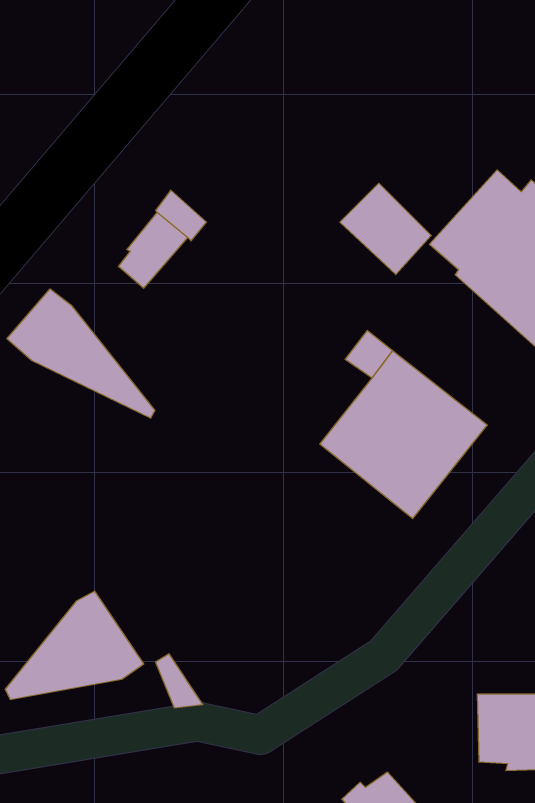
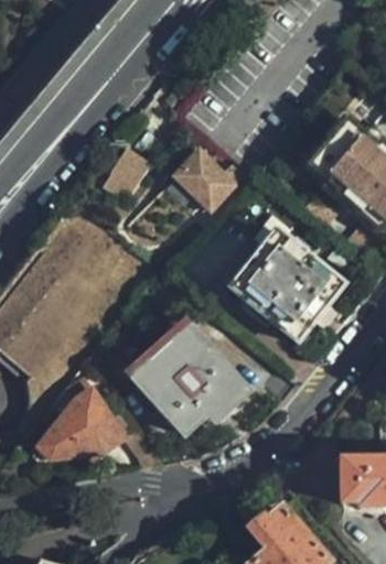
building: [340,183,431,275] -> [173,150,233,209]
building: [7,289,155,418] -> none
building: none -> [135,329,249,433]

